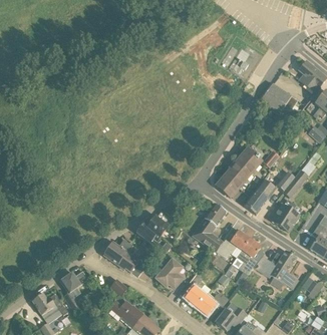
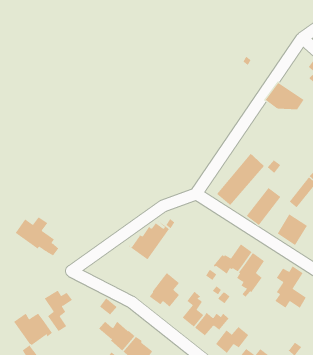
building: [193,203,227,250] -> none
building: [103,239,143,275] -> [15,216,59,256]

